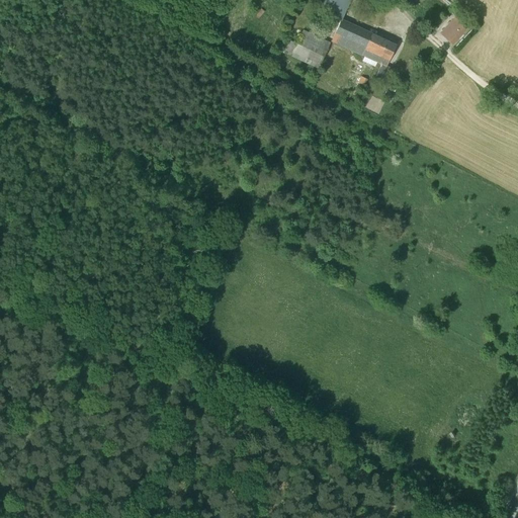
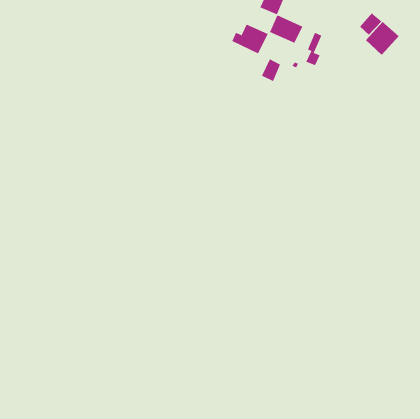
building: none -> [365,21,399,55]
building: [363,32,387,61] -> [261,59,281,82]

